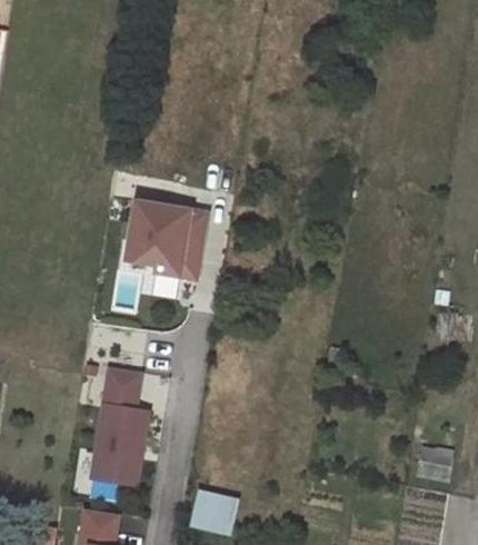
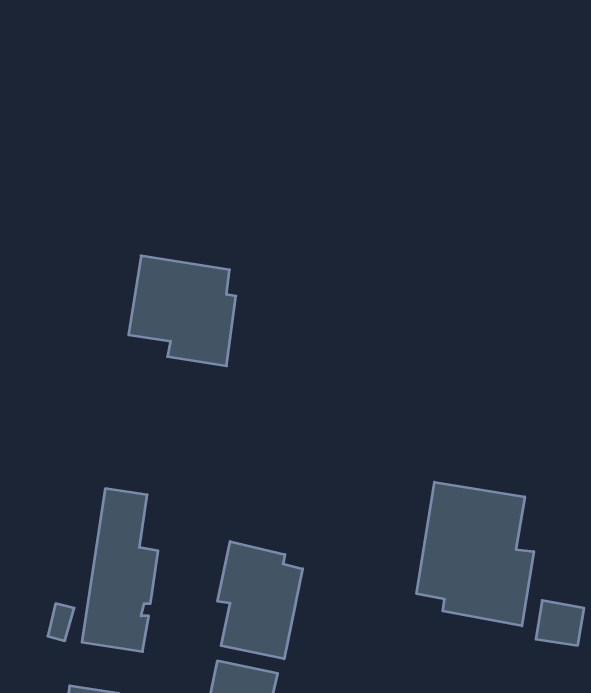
building: none -> [417,482,534,626]
building: none -> [218,541,303,659]

